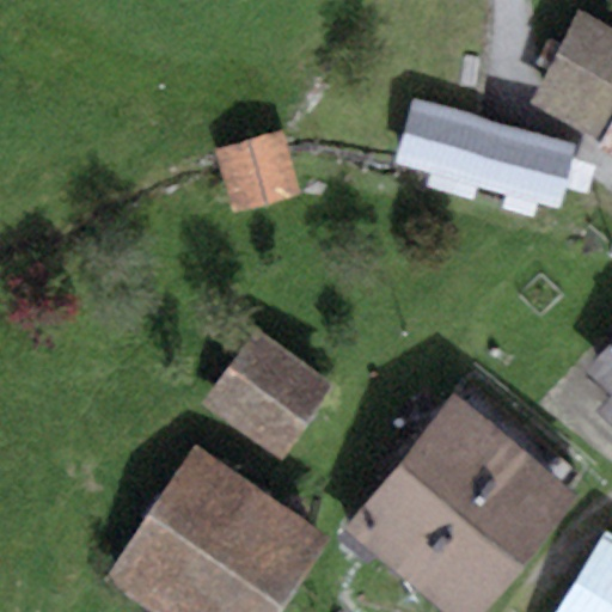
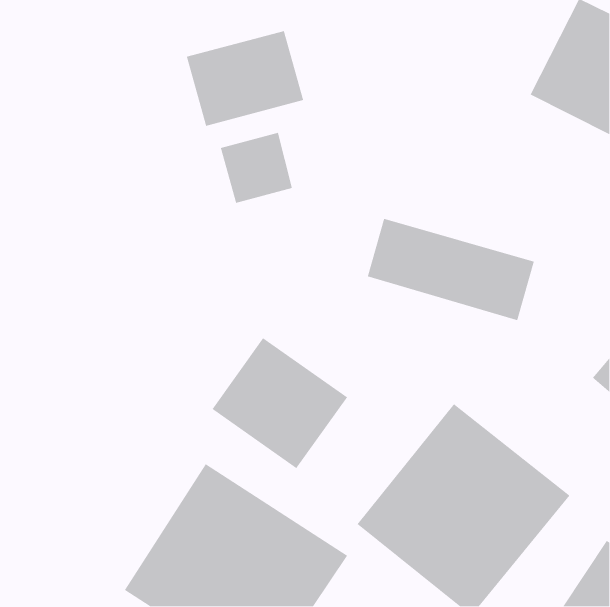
building: none -> [186,30,304,127]
building: [404,103,571,206] -> [367,218,535,321]

